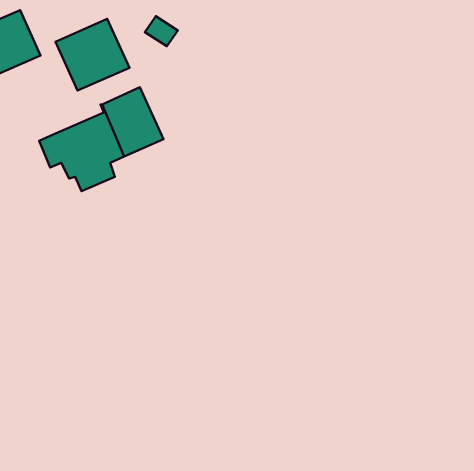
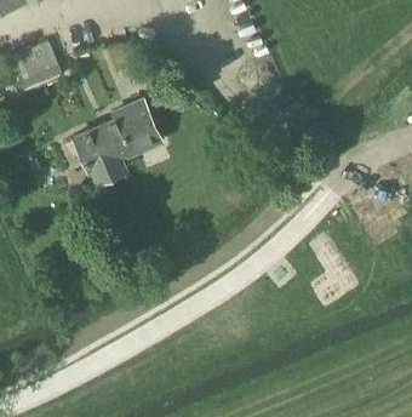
building: [55,19,129,91] -> none

